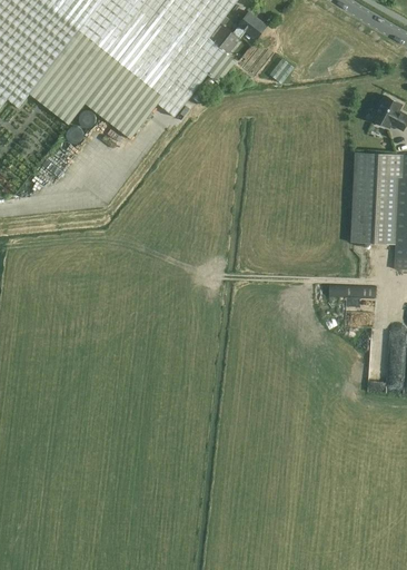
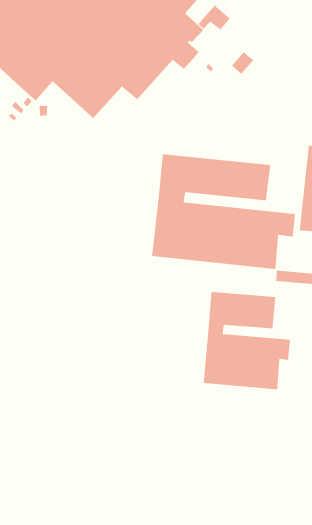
building: none -> [151,153,296,270]
building: none -> [203,291,291,390]

